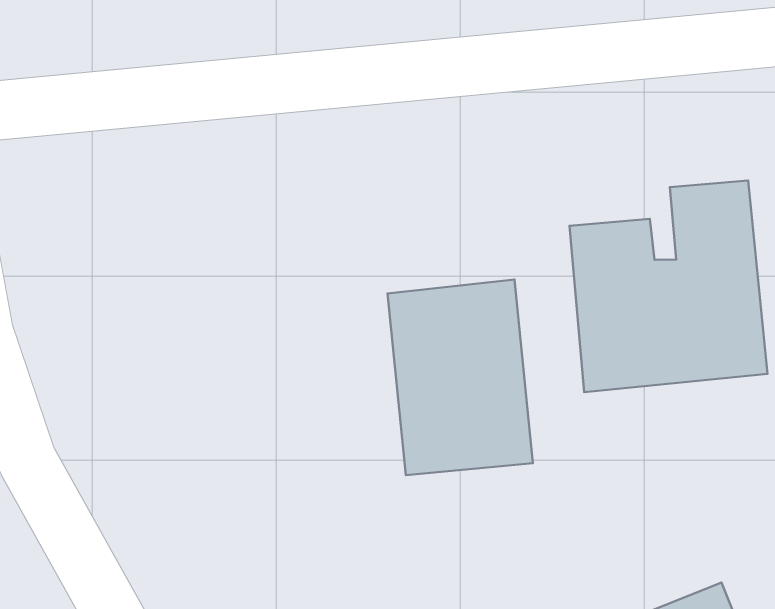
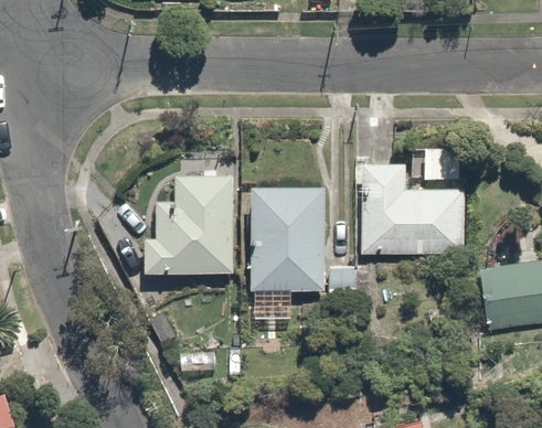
building: none -> [142,172,233,276]

